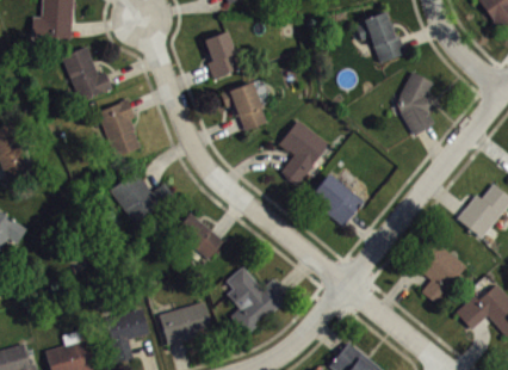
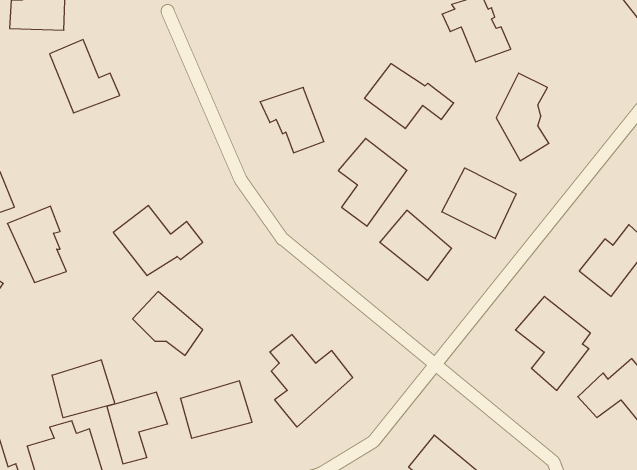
building: [204,31,241,79] -> none
building: none -> [365,64,454,129]
building: [97,99,141,156] -> [7,206,66,283]
building: none -> [442,168,516,239]
building: [171,212,223,260] -> [133,292,203,355]
building: none -> [52,360,115,418]

